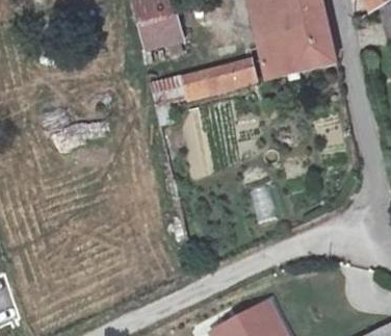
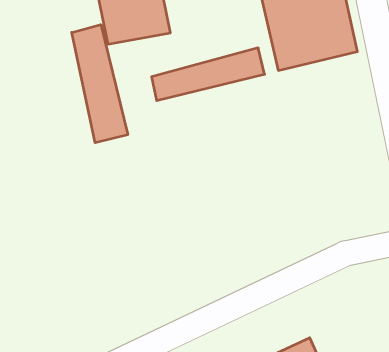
building: none -> [72,25,128,143]

